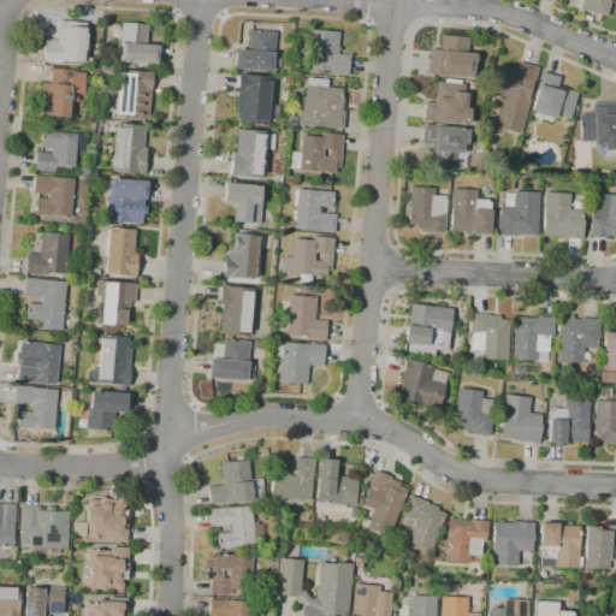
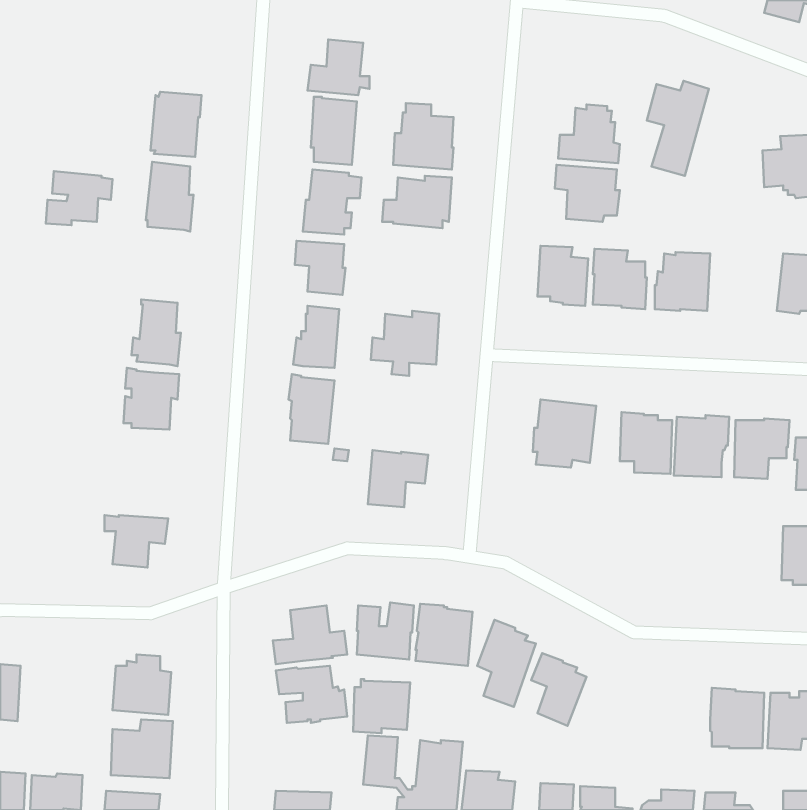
building: [45,20,90,64] -> none
building: [122,23,161,64] -> none
building: [310,30,353,76] -> none
building: [430,35,479,78] -> none
building: [43,69,87,118] -> none
building: [533,72,580,119] -> none
building: [35,176,76,218] -> none
building: [107,178,149,224] -> none
building: [295,189,338,233] -> none
building: [544,191,586,238] -> none
building: [28,232,71,274] -> none
building: [25,279,67,331] -> none
building: [288,295,330,340] -> none
building: [96,334,134,386] -> none
building: [211,339,256,380] -> none
building: [19,342,61,384] -> none
building: [398,357,449,409] -> none
building: [16,386,59,430] -> none
building: [456,389,494,437] -> none
building: [502,395,544,444] -> none
building: [550,399,591,444] -> none
building: [22,505,71,549] -> none
building: [446,519,490,564] -> none
building: [493,521,535,567] -> none
building: [212,553,255,594] -> [353,679,410,733]

